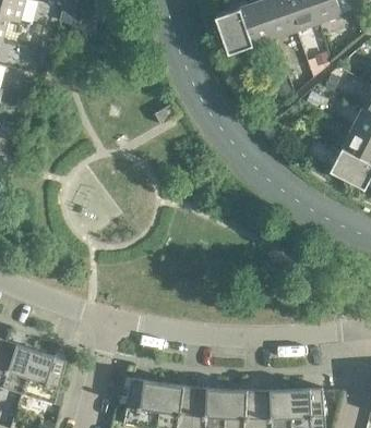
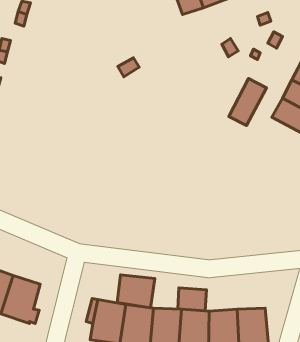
building: none -> [229,78,266,125]
building: none -> [117,275,155,308]
building: none -> [178,288,206,311]

